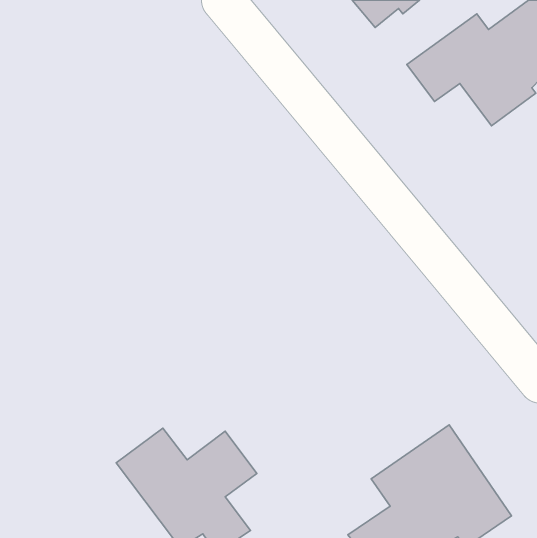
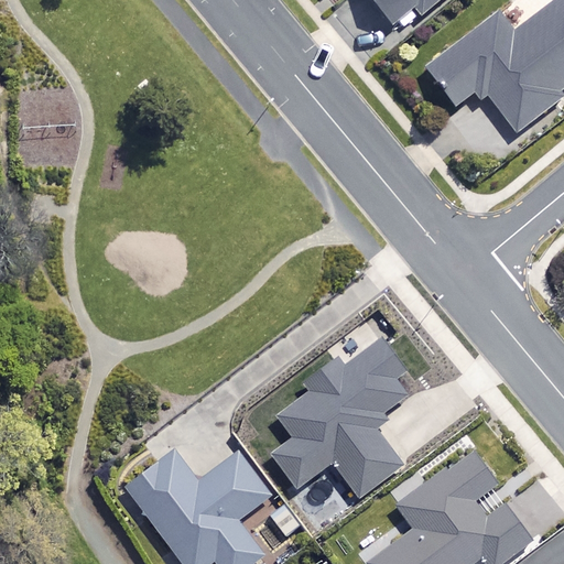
building: none -> [270,340,408,497]

